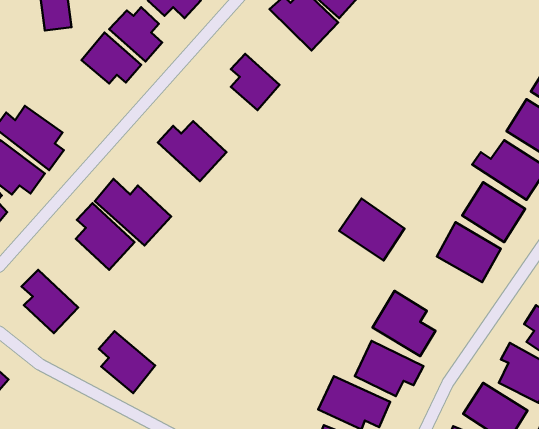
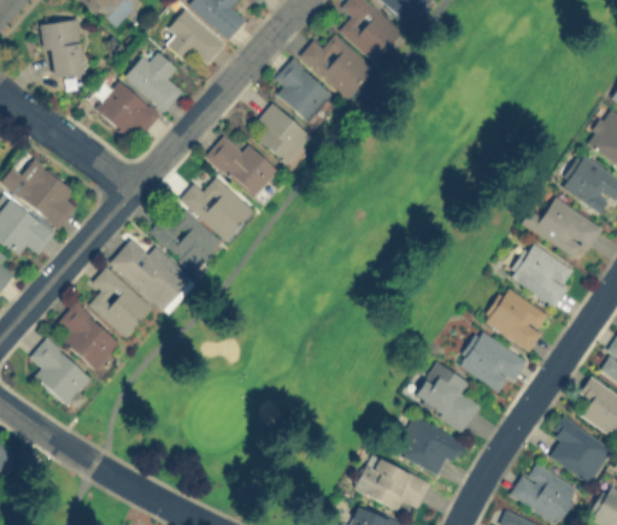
building: none -> [275,57,333,123]
building: none -> [205,135,280,201]
building: none -> [148,208,223,275]
building: [339,199,405,261] -> [456,328,527,395]
building: [99,331,155,393] -> [59,302,121,370]

